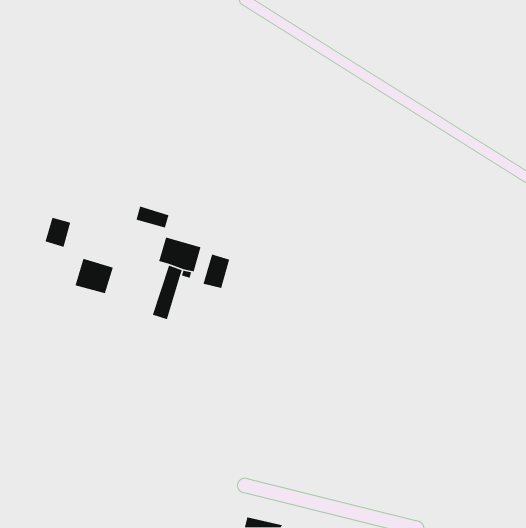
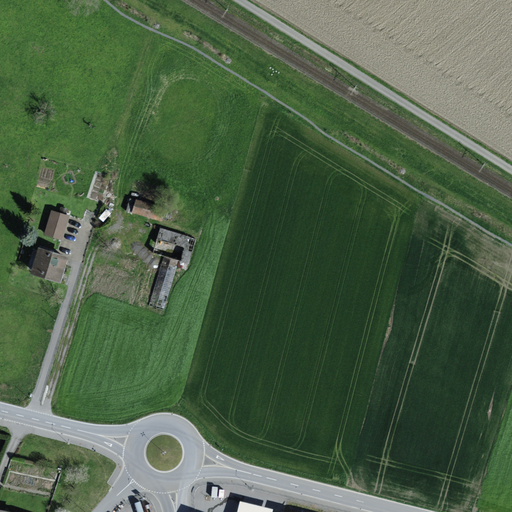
building: [203,254,230,289] -> none
building: [75,258,114,294] -> [30,247,68,282]

